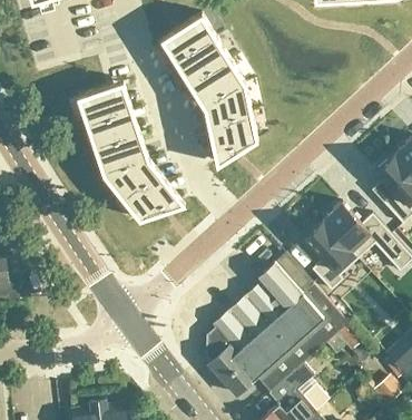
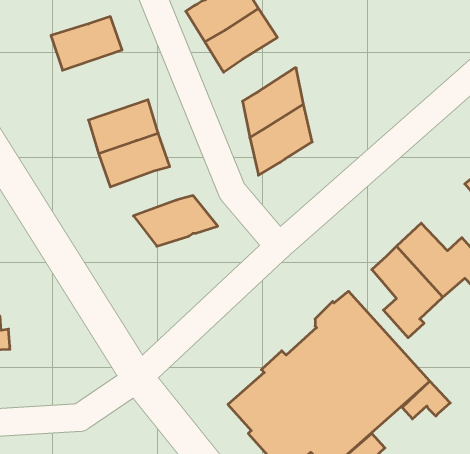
building: [190,59,245,108] -> none
building: [78,81,133,123] -> [51,17,122,70]
building: [104,158,167,196] -> none

